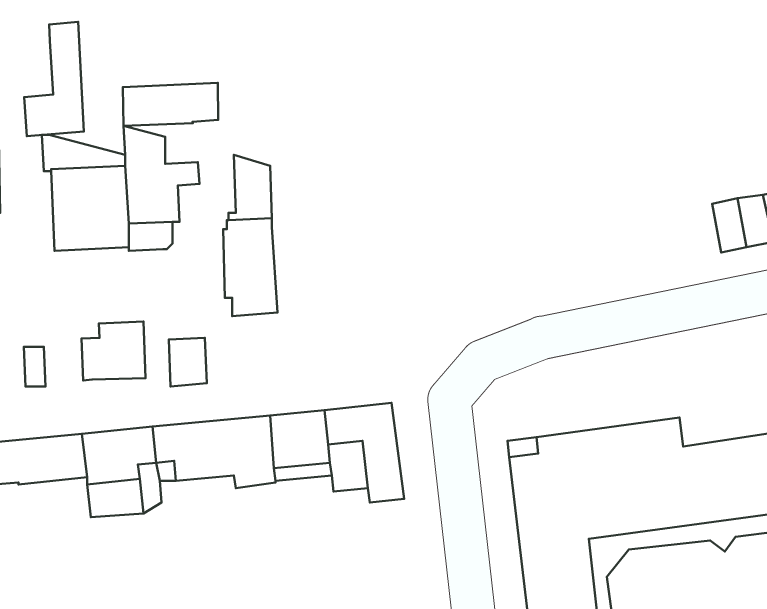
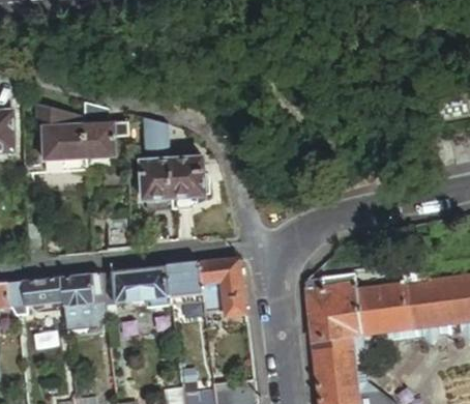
building: [24,22,84,136] -> none
building: [123,83,218,126] -> none
building: none -> [169,156,209,207]
building: [82,322,146,380] -> none

